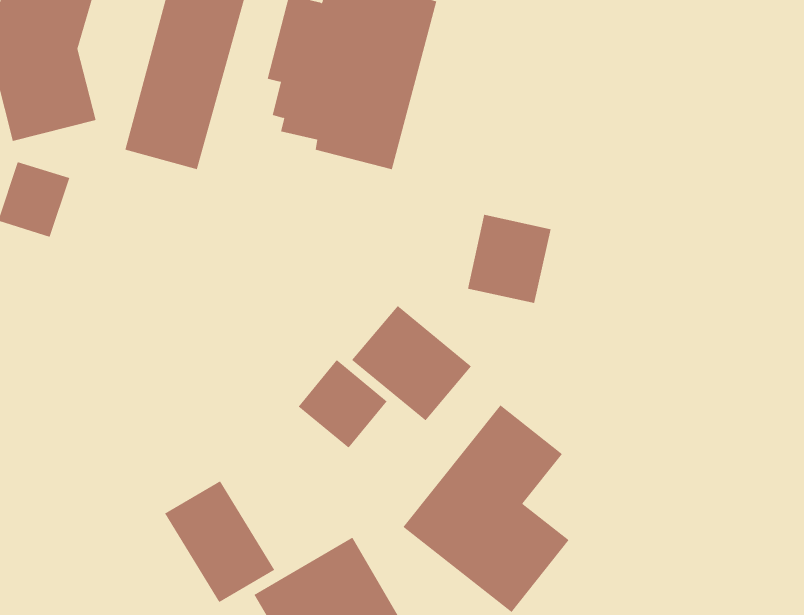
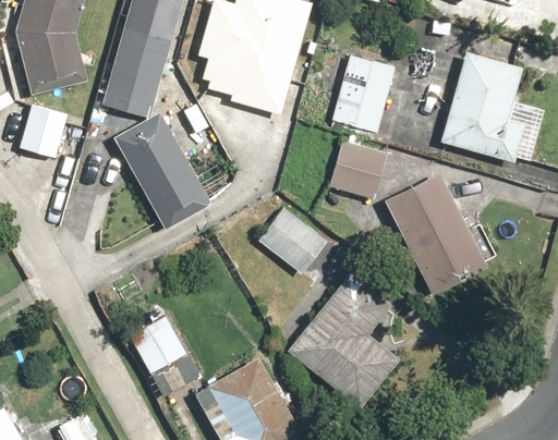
building: none -> [439,49,524,160]
building: none -> [331,58,398,133]
building: none -> [112,109,213,228]
building: none -> [381,169,486,293]
building: [298,359,387,448] -> none

